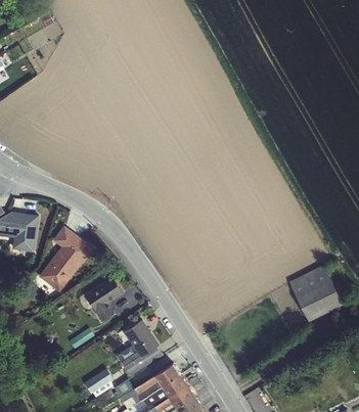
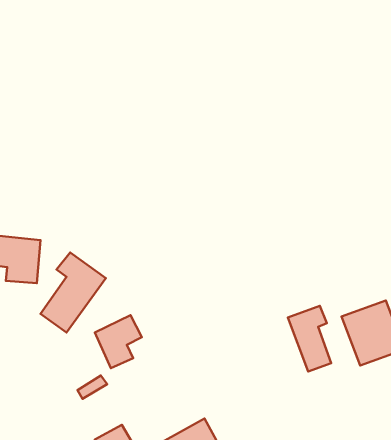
building: none -> [288,306,331,372]
building: [117,320,165,377] -> none

